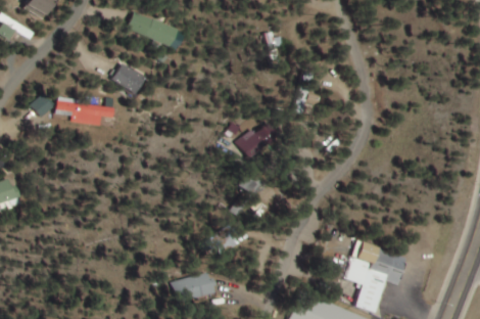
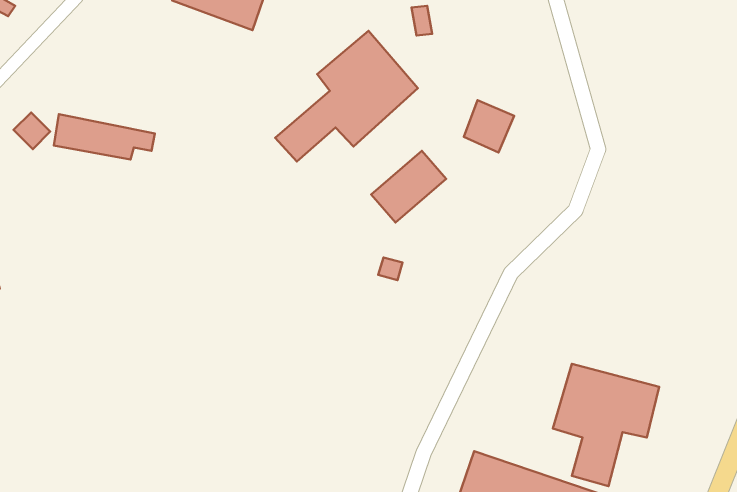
building: none -> [275,31,418,161]
building: [108,63,141,92] -> none
building: [179,274,214,301] -> none

